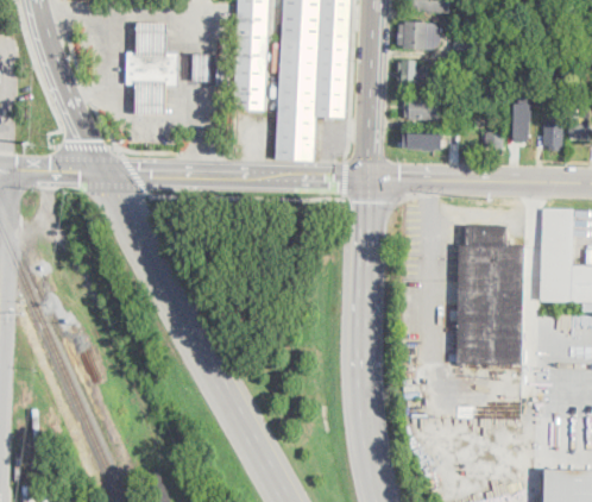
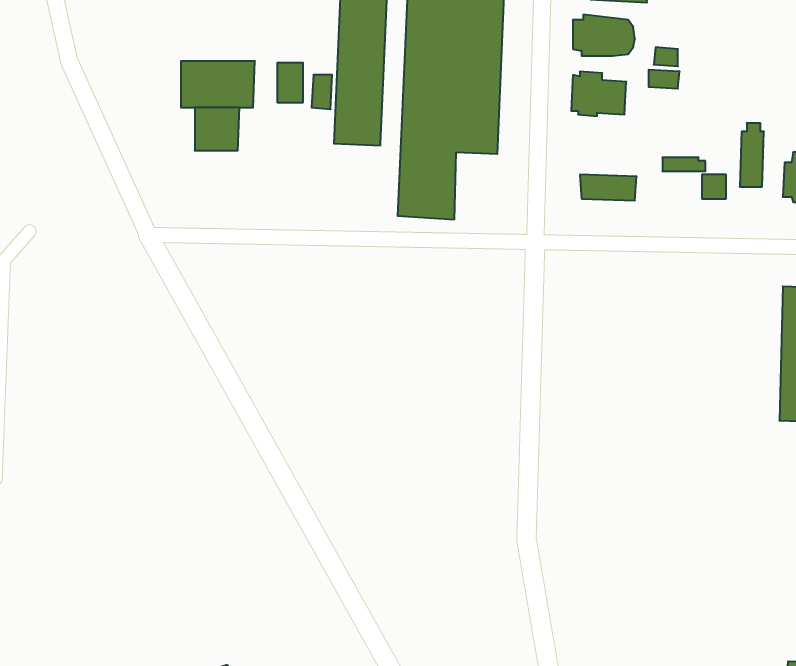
building: [137,23,166,52] -> none
building: [403,96,440,120] -> none
building: [456,225,524,365] -> none

